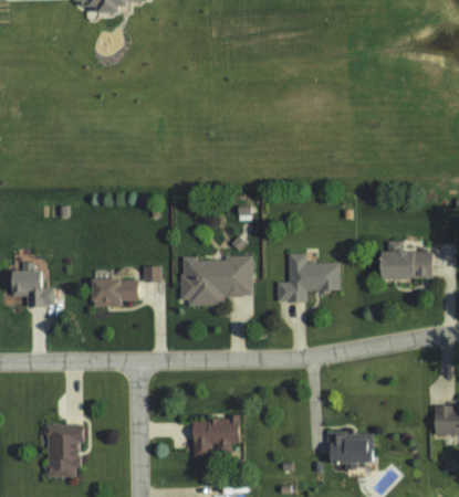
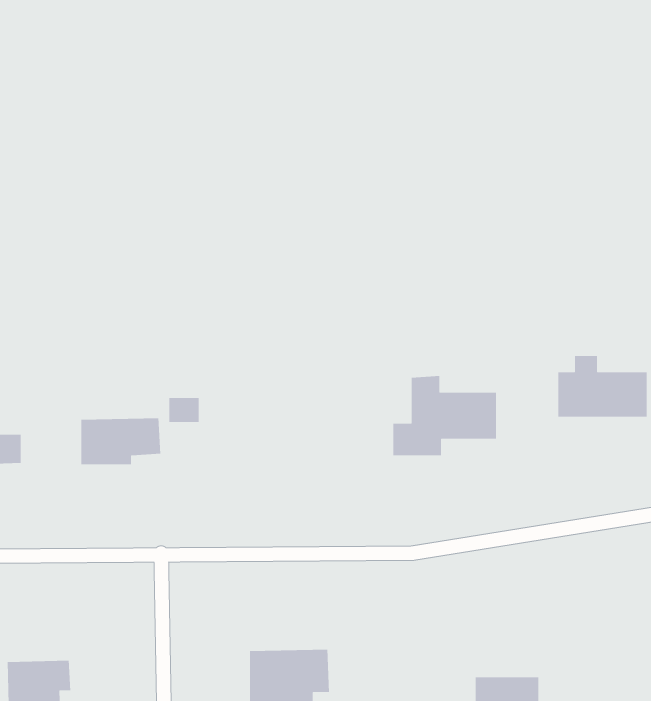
building: [182,255,254,306] -> none

